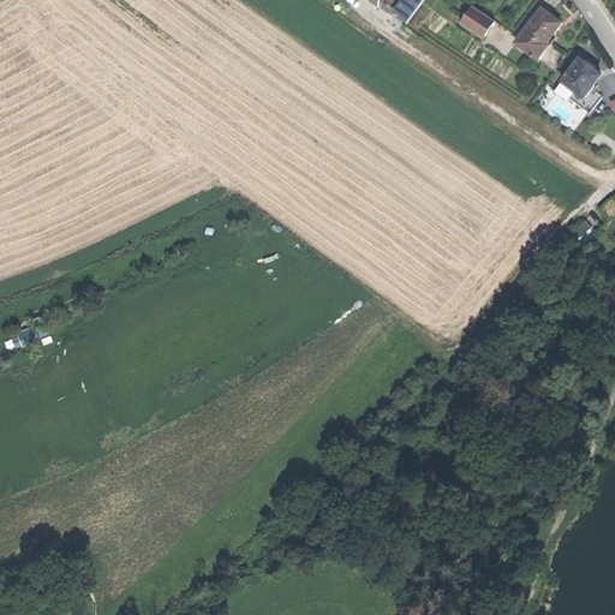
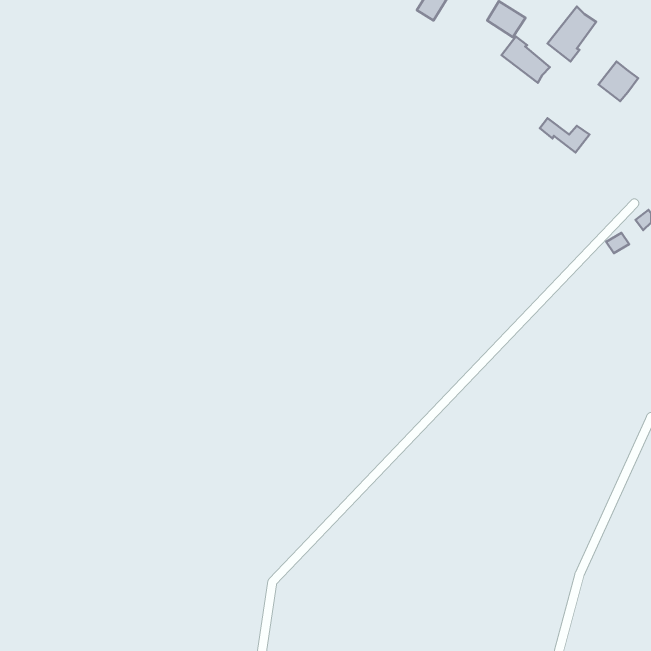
building: none -> [502,37,550,83]
building: [555,79,602,112] -> [540,118,590,153]

